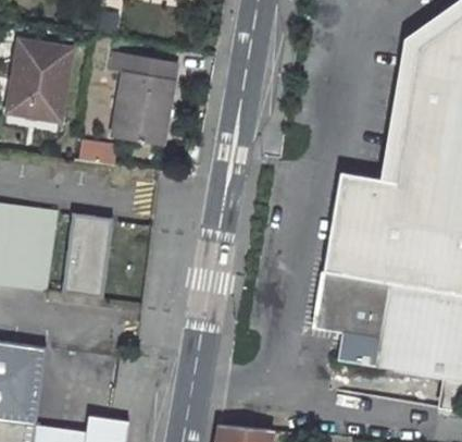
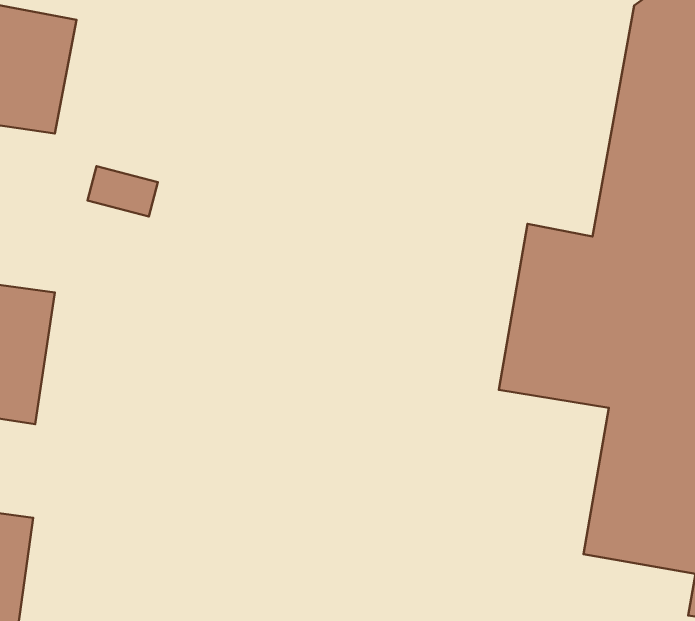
building: [110,50,176,145] -> none
building: [61,213,113,297] -> none
building: [316,270,391,369] -> none

